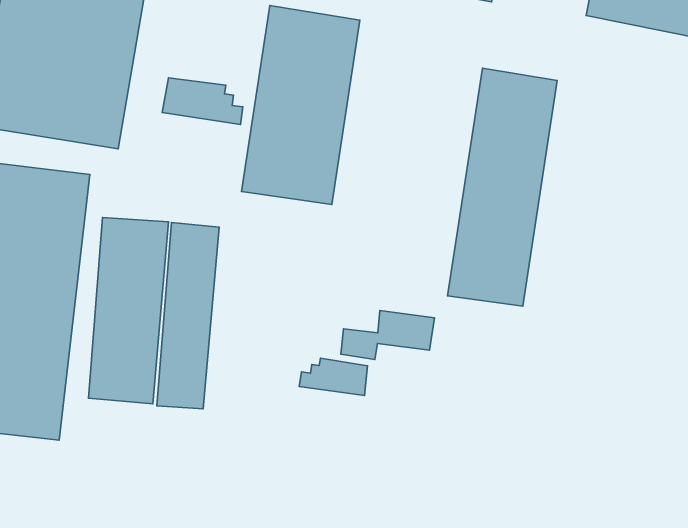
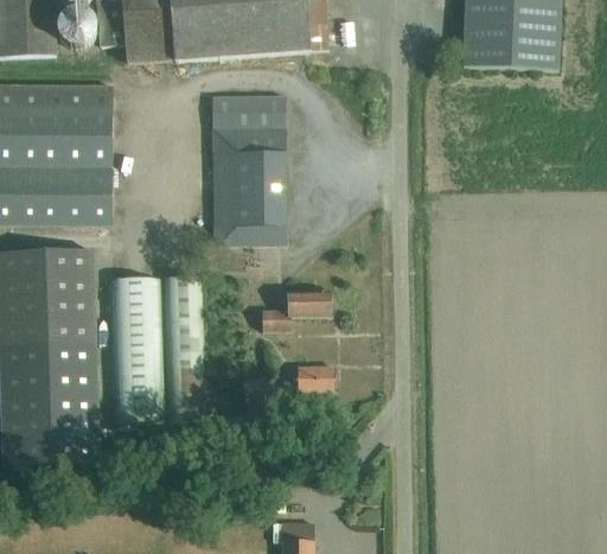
building: [448,68,557,306] -> none
building: [162,78,243,124] -> none
building: [341,311,435,360] -> [261,289,331,330]

